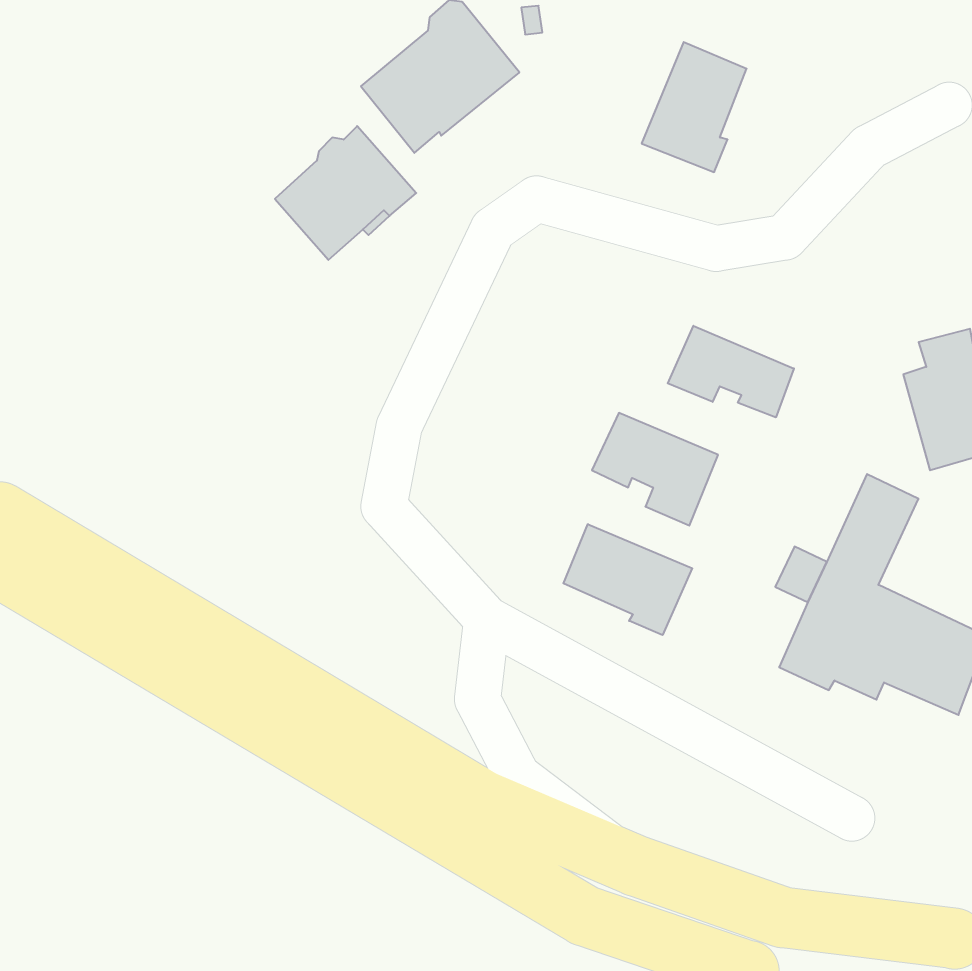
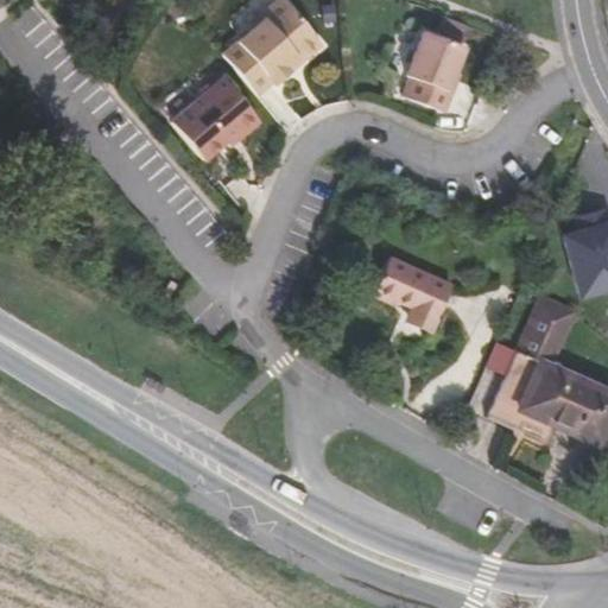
building: [668,326,794,417] -> none
building: [563,524,692,635] -> none

